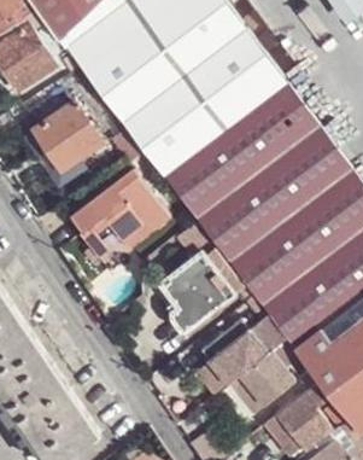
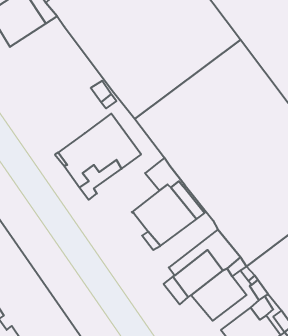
building: [33,101,100,169] -> none

